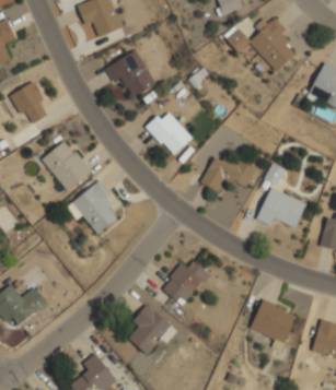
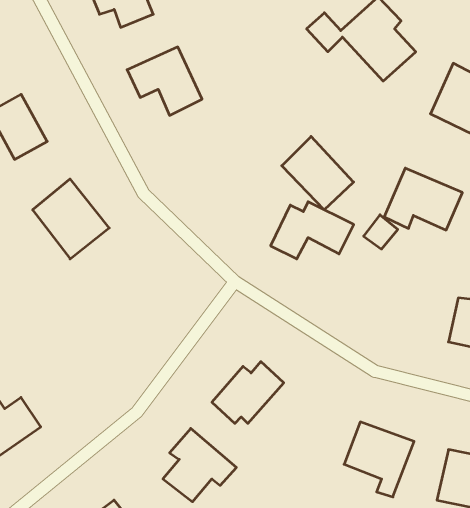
building: [144,107,193,156] -> [282,136,354,210]
building: [65,178,119,233] -> none
building: [255,187,308,228] -> [384,168,462,230]

